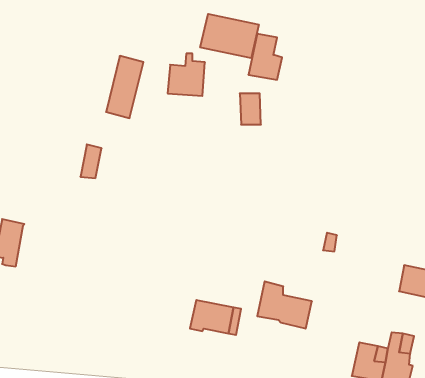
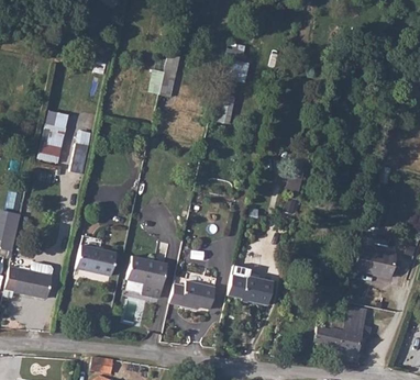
building: [200,14,259,58] -> none
building: [106,56,143,118] -> [37,111,70,166]
building: none -> [75,243,113,273]
building: none -> [128,254,165,294]
building: none -> [7,260,57,300]

